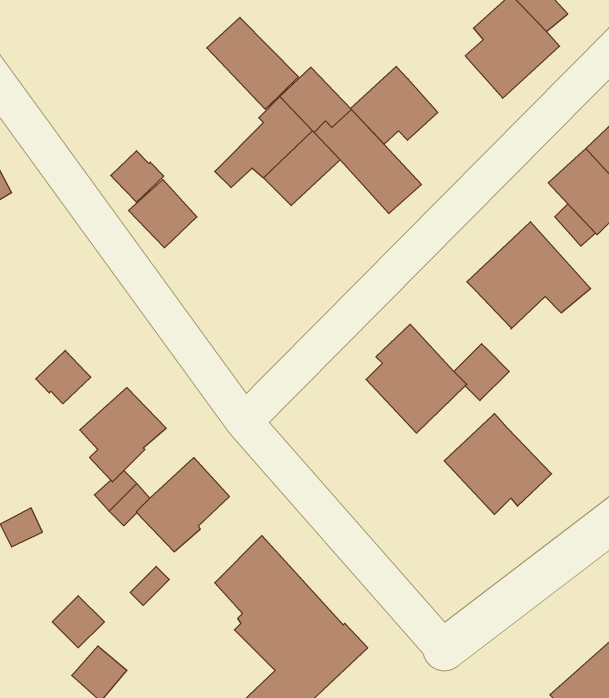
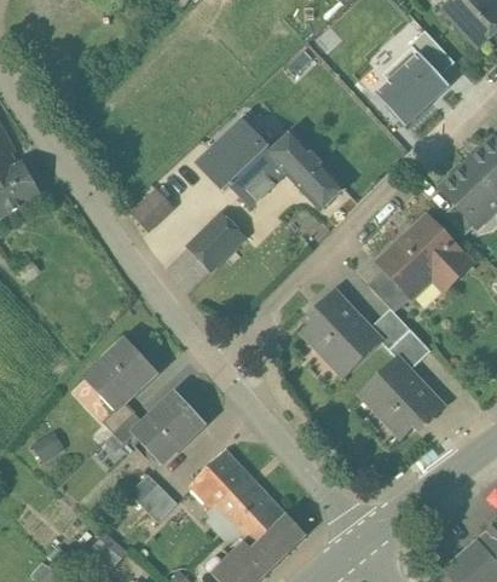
building: [207,17,298,109] -> none
building: [350,66,438,144] -> none
building: [111,151,164,202] -> none
building: none -> [185,211,245,270]
building: none -> [368,267,411,311]
building: [36,350,91,404] -> none
building: none -> [388,328,430,370]
building: [52,596,104,648] -> [138,483,177,522]

